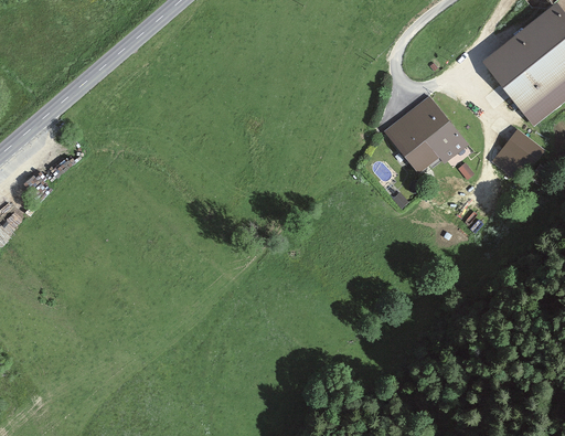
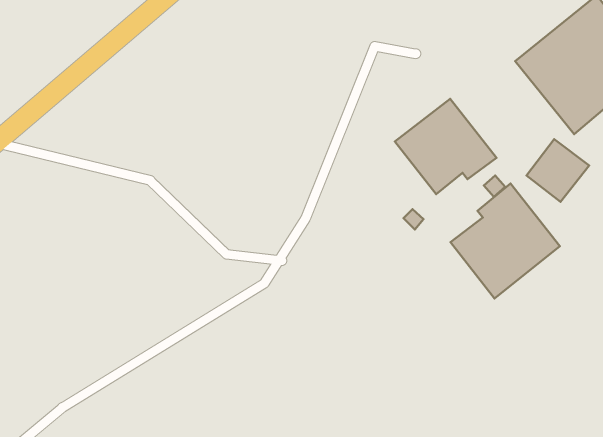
building: none -> [451,183,560,298]

